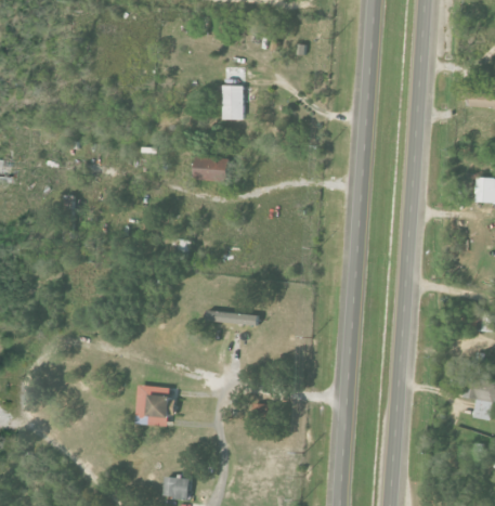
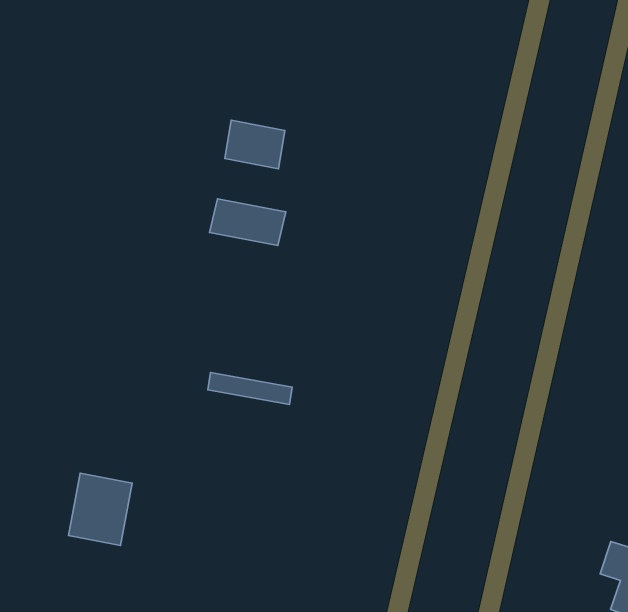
building: [221,86,244,120] -> none
building: none -> [210,199,286,246]

